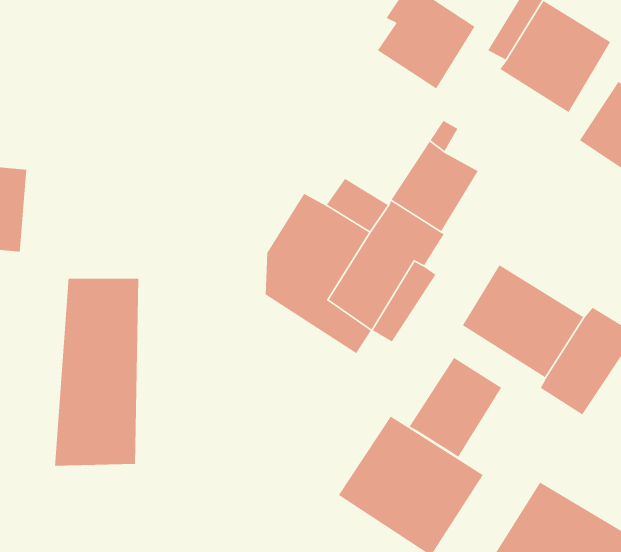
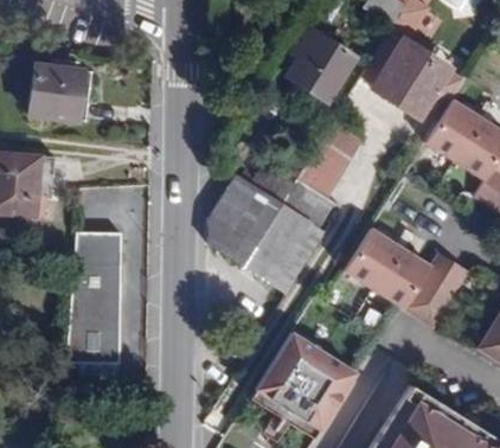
building: none -> [31,69,85,124]
building: [408,357,502,458] -> none

